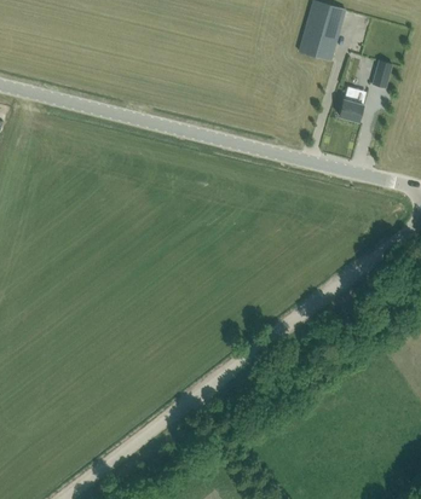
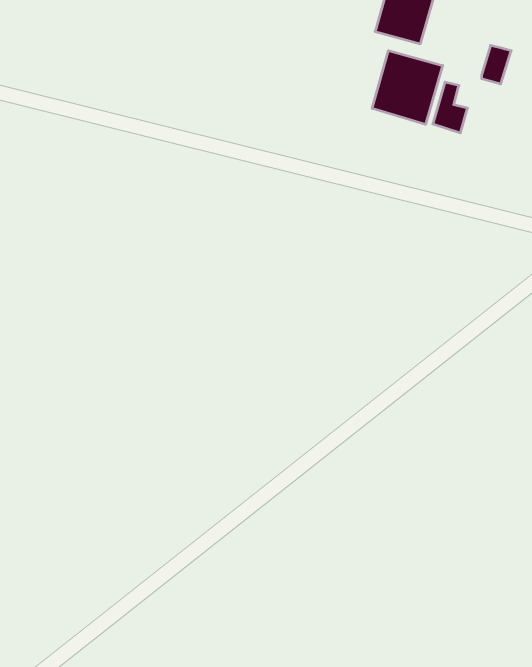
building: none -> [372,51,443,124]

